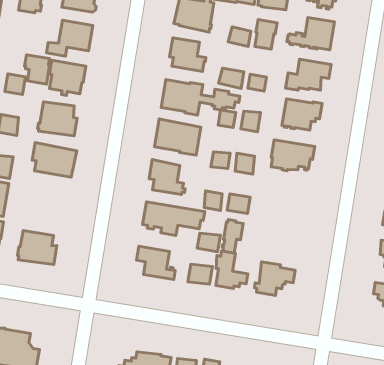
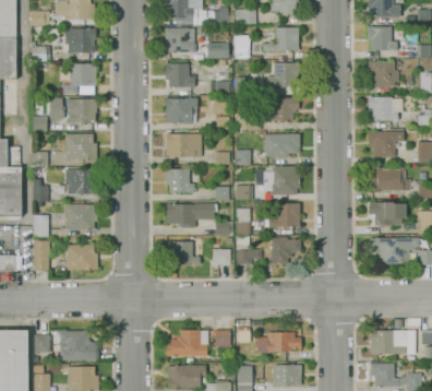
building: none -> [255,166,301,194]
building: none -> [67,204,98,229]
building: none -> [265,202,301,227]

